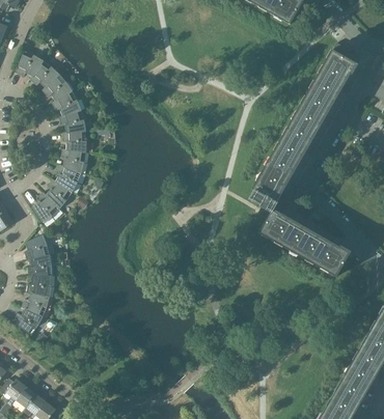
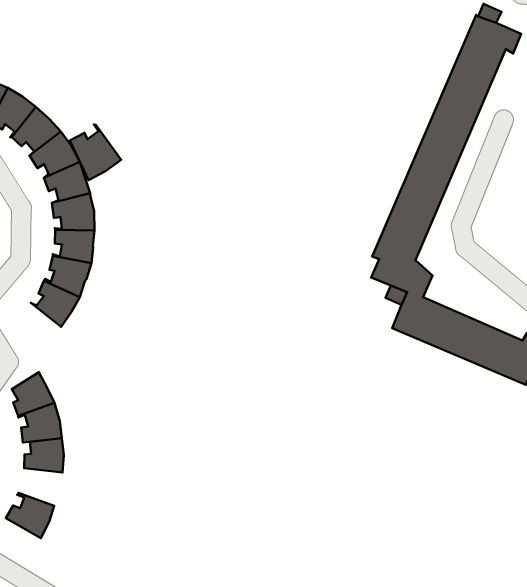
building: none -> [70,125,121,180]
building: [32,192,59,222] -> none
building: [22,291,50,316] -> none

